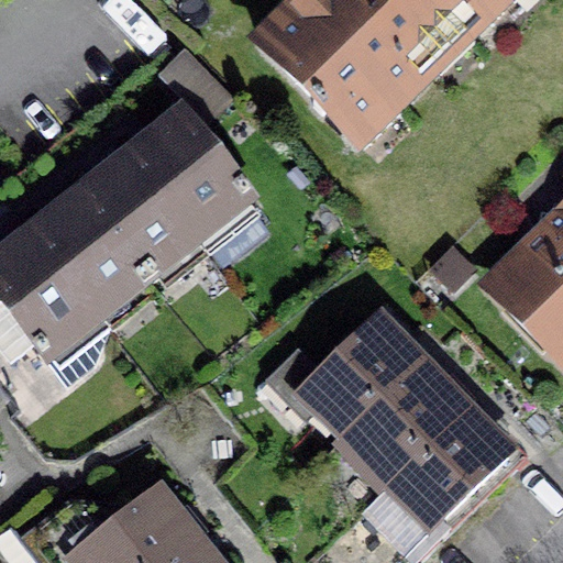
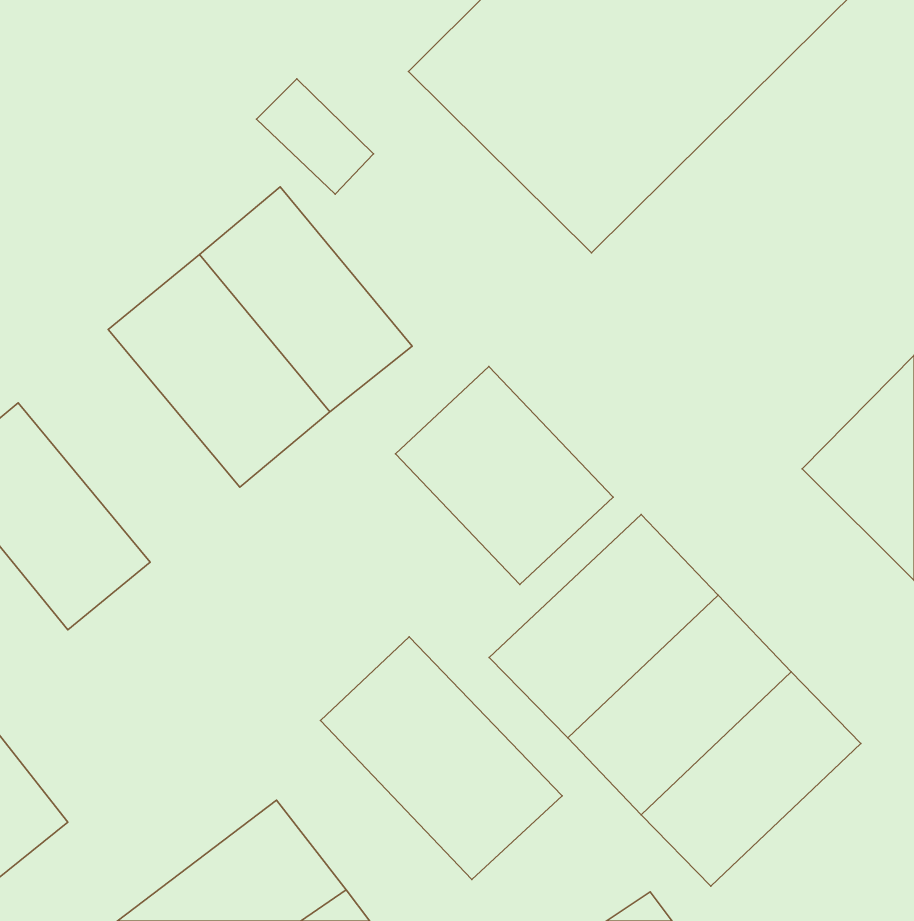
building: [11,198,144,338] -> none
building: none -> [396,367,613,584]
building: none -> [321,637,562,880]

